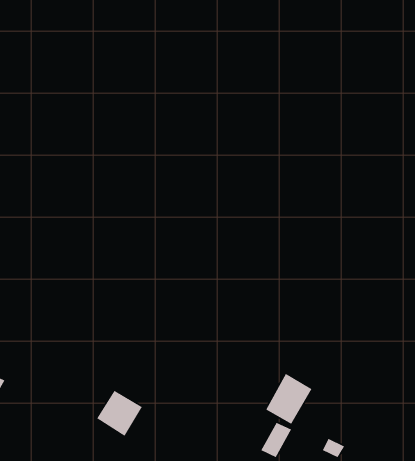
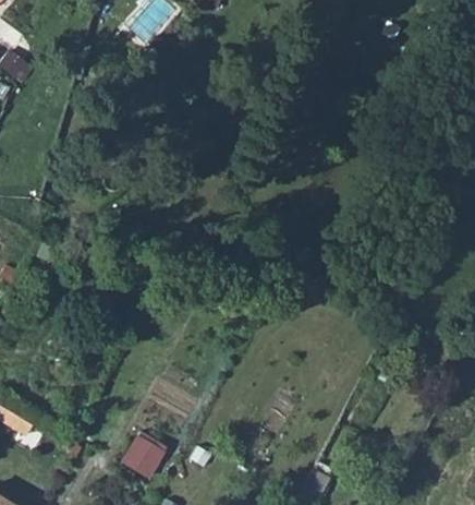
building: [265,373,313,425] -> none

